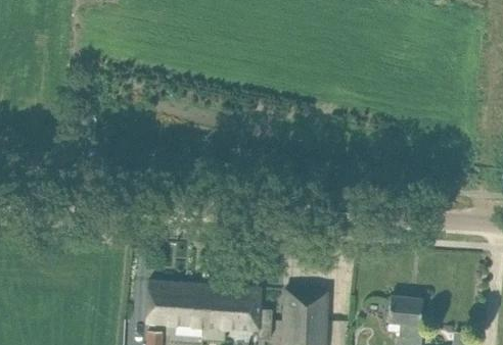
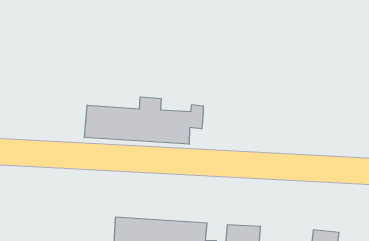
building: none -> [85,97,203,144]

